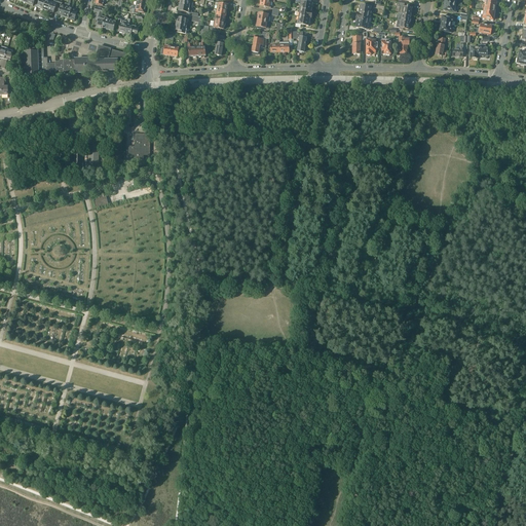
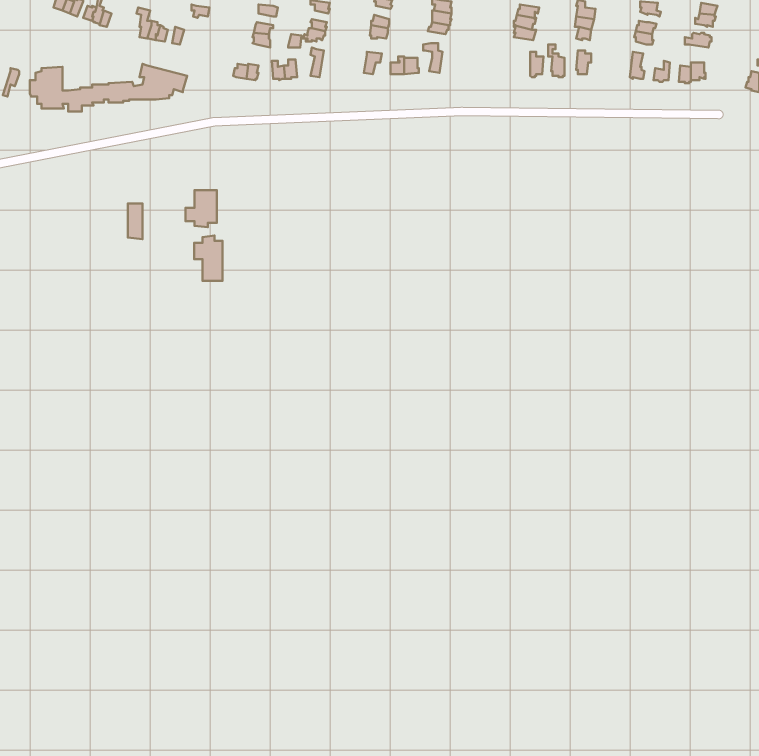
building: none -> [194,235,222,281]

